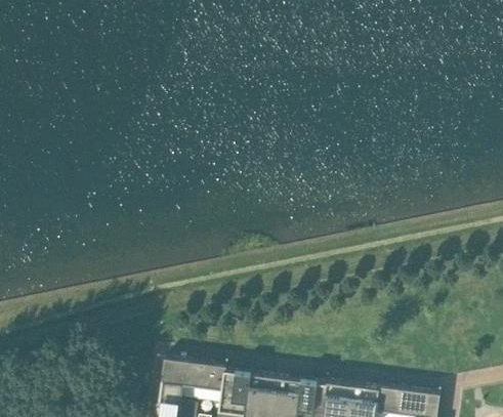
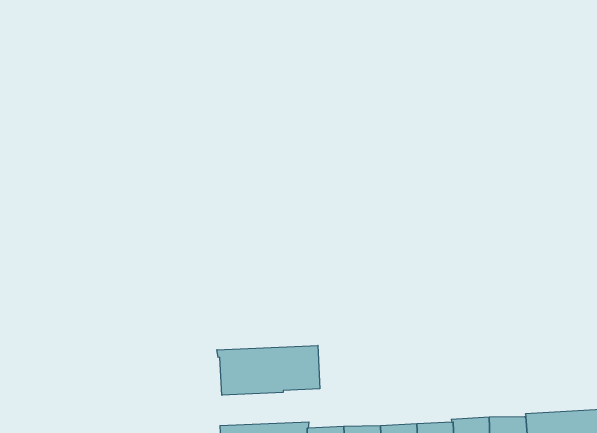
building: none -> [217,345,320,395]

